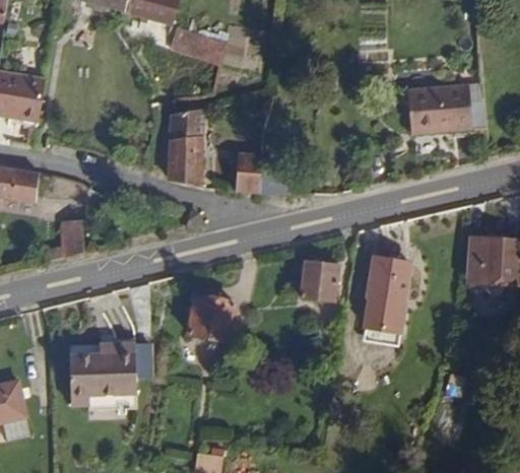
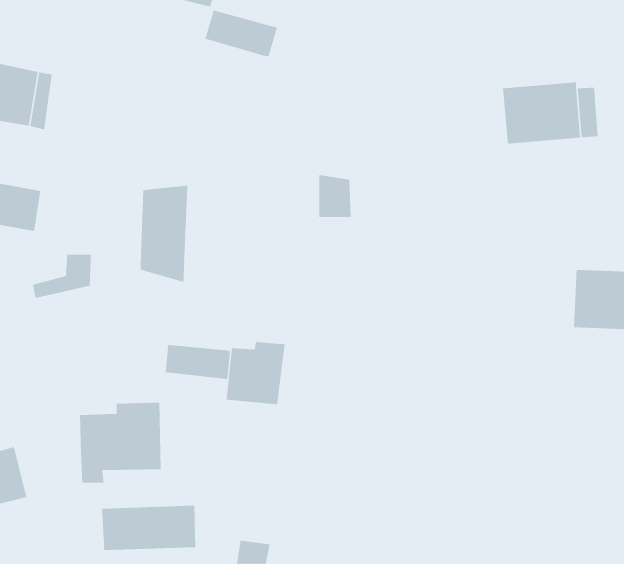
building: [168,109,206,187] -> [140,185,188,283]
building: [235,151,261,194] -> none
building: [361,255,412,334] -> none
building: [299,260,340,301] -> none
building: none -> [165,344,230,380]
building: none -> [101,505,196,551]

